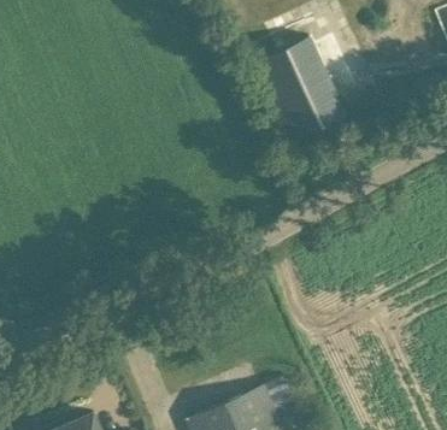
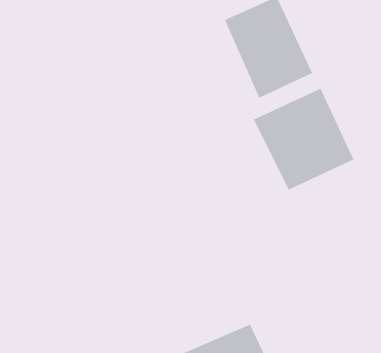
building: none -> [253,88,354,191]

